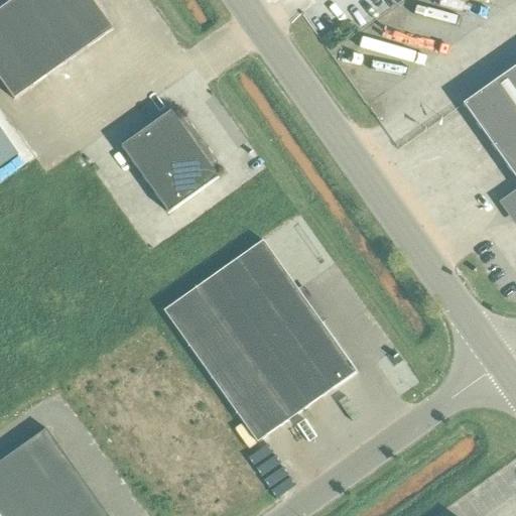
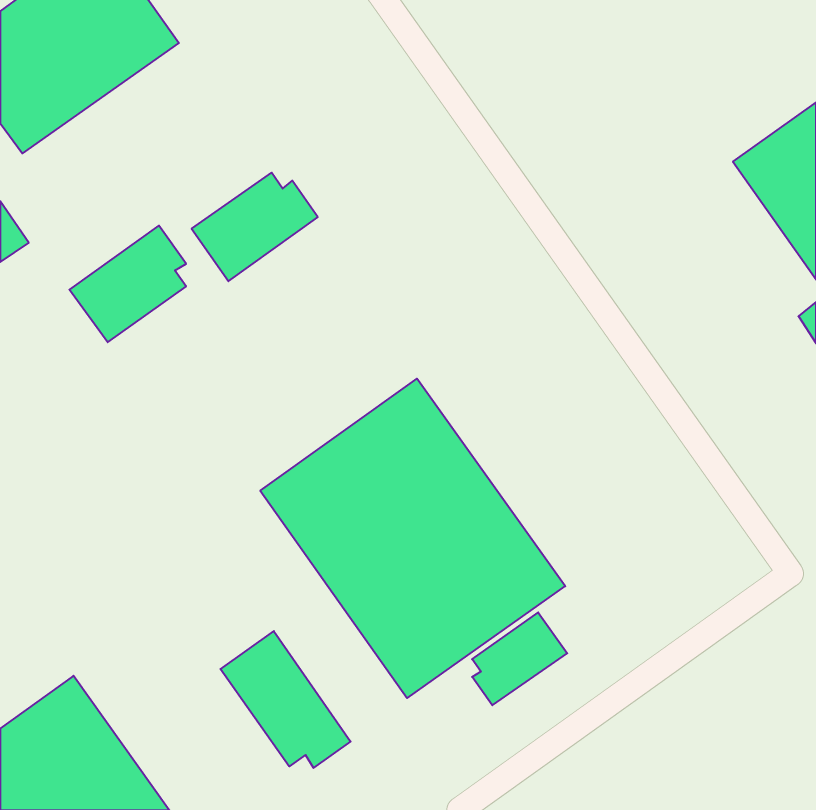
building: [144,137,218,211] -> [69,226,186,342]
building: none -> [472,612,567,705]
building: none -> [220,631,351,768]

